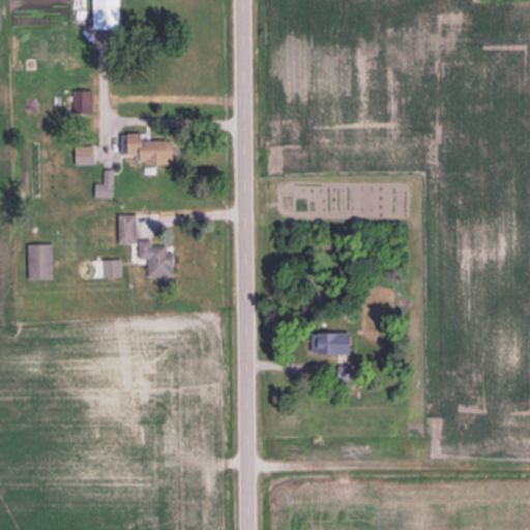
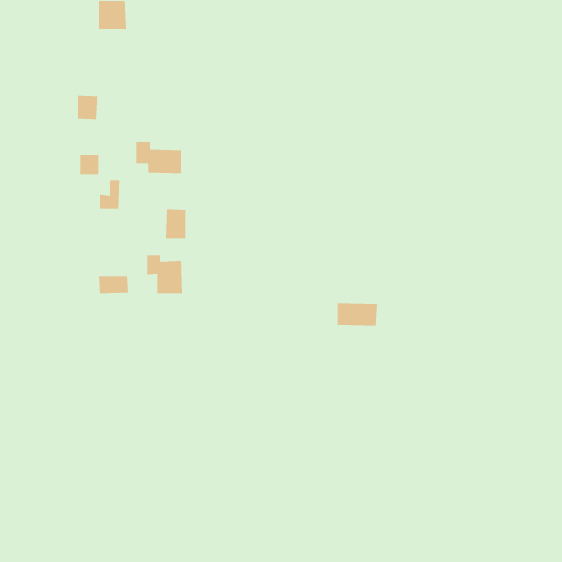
building: [118,214,138,243] -> [165,208,186,239]
building: [28,244,54,279] -> none
building: [313,332,351,355] -> [337,302,378,327]

